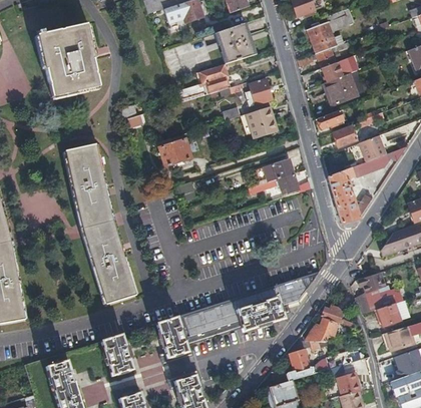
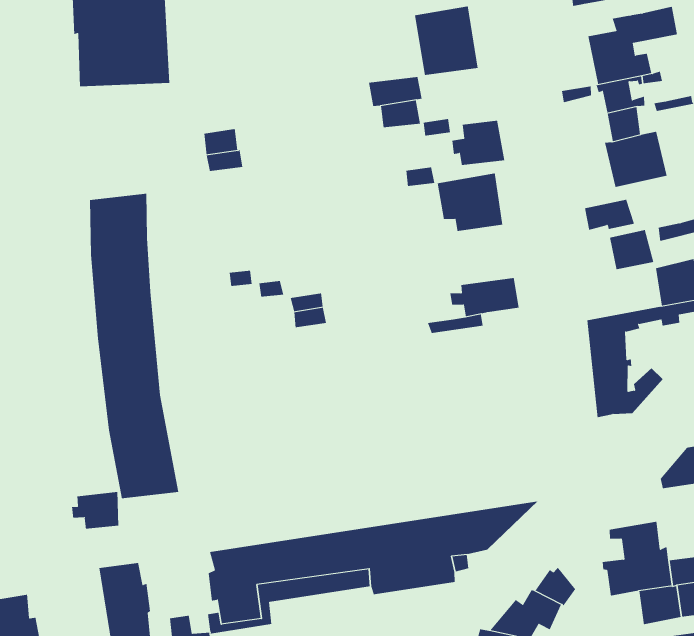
building: [157,137,191,165] -> none
building: [278,173,314,194] -> none
building: none -> [72,491,119,530]

